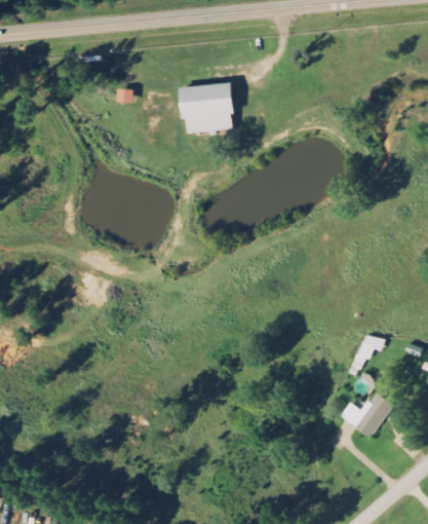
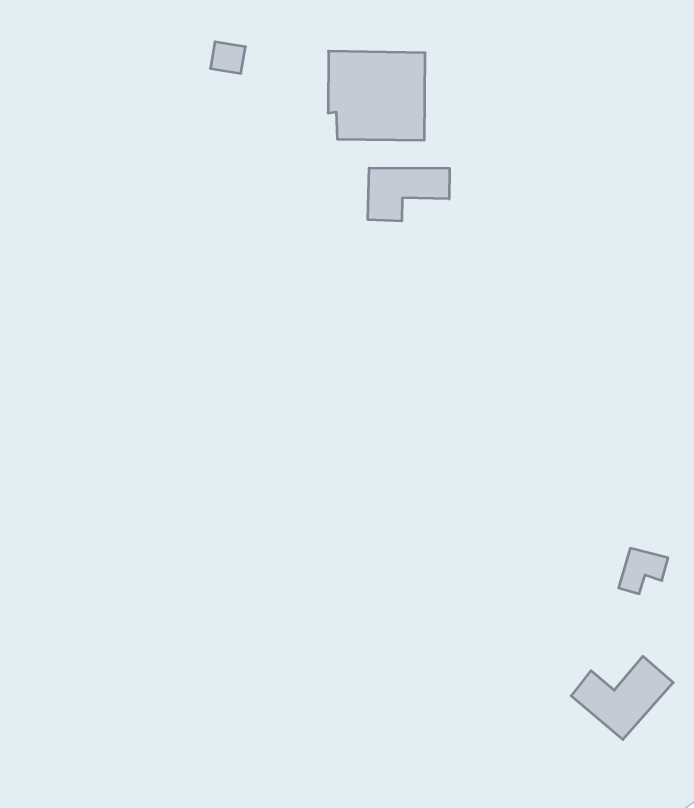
building: none -> [368,168,449,221]

